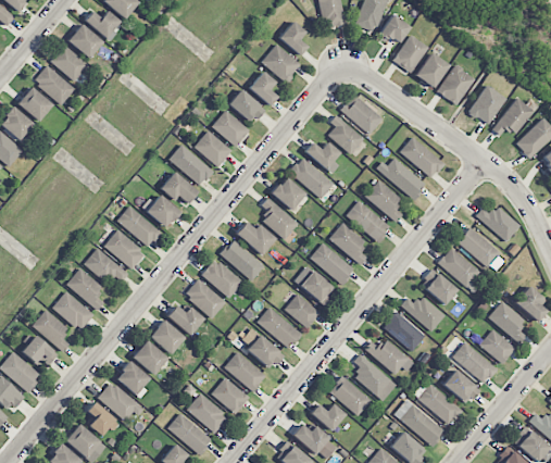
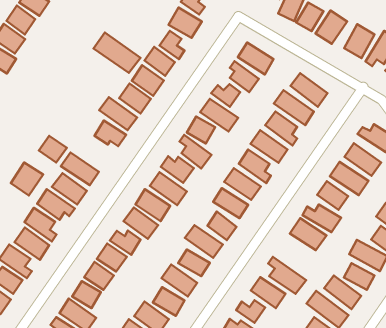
building: none -> [94,32,140,73]
building: [146,195,179,227] -> [39,136,67,162]
building: none -> [11,162,43,195]
building: [364,338,413,374] -> none

